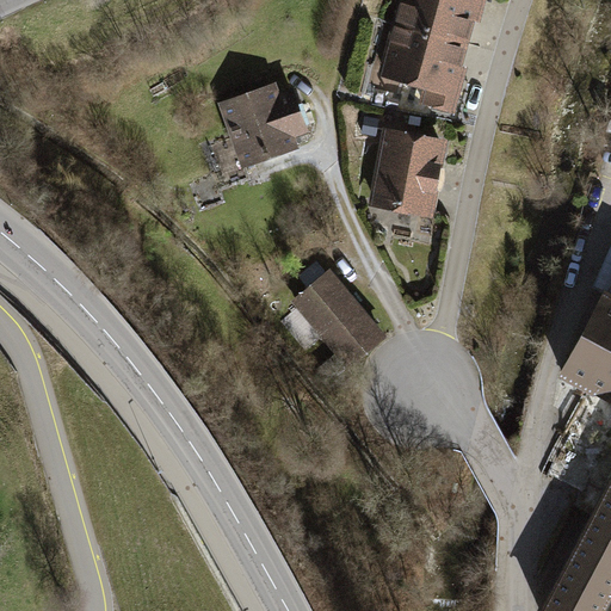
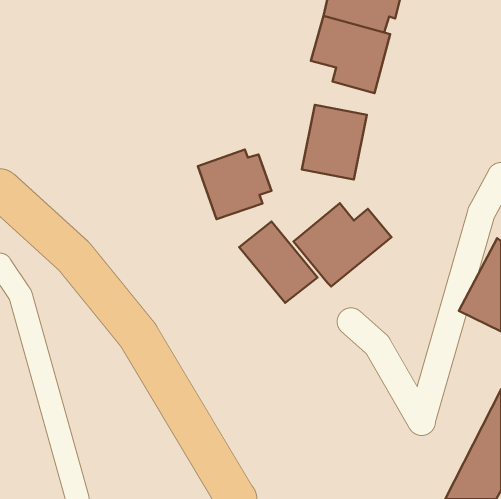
building: [218,82,308,167] -> [198,150,271,219]
building: none -> [293,203,392,287]

